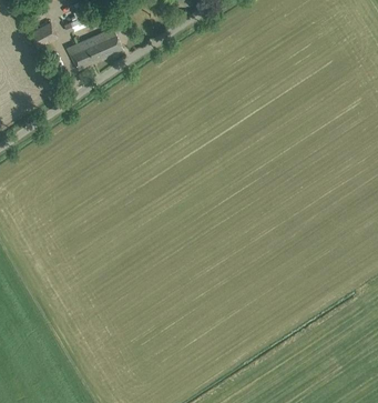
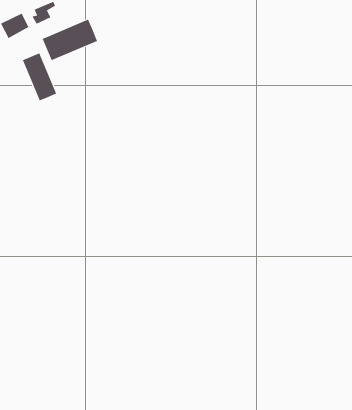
building: none -> [22,52,57,101]

